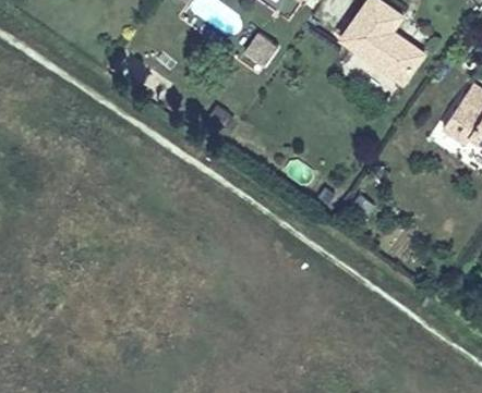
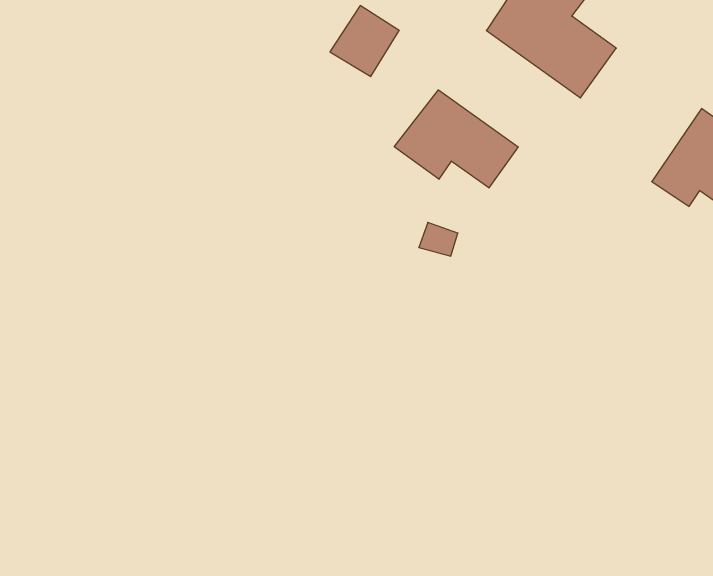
building: none -> [394,90,518,188]

